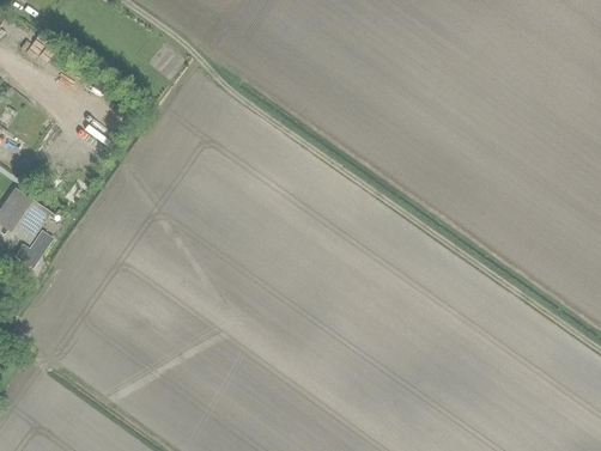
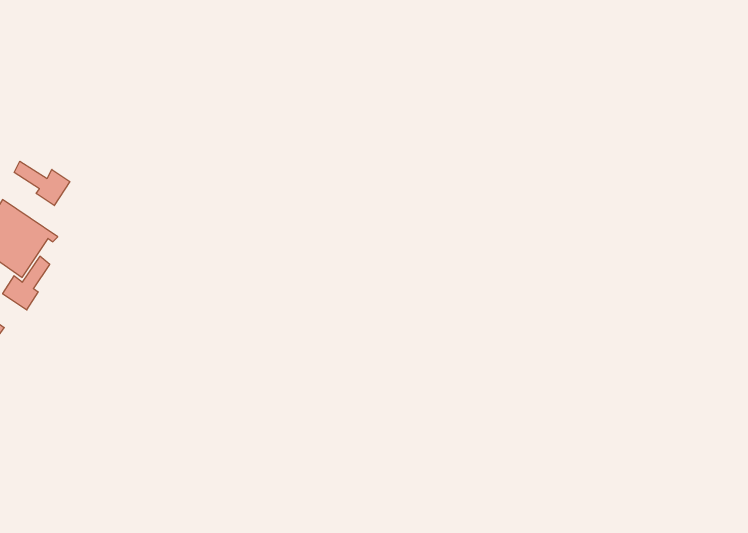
building: none -> [14,161,70,206]

